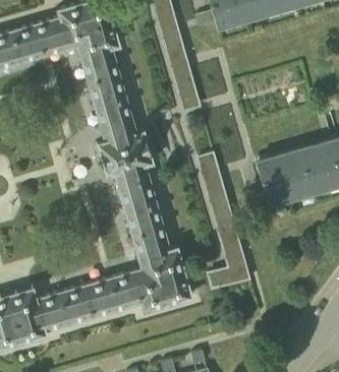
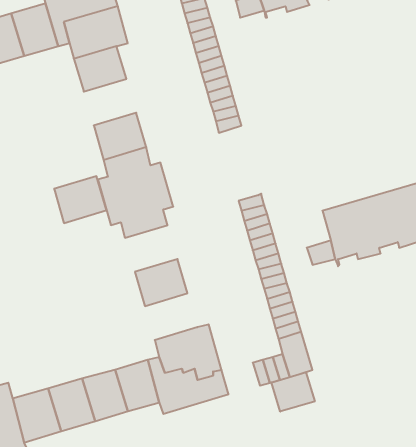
building: [87,71,124,105] -> none
building: [116,176,154,209] -> [54,176,107,223]
building: [130,225,168,258] -> none
building: none -> [271,372,315,412]

